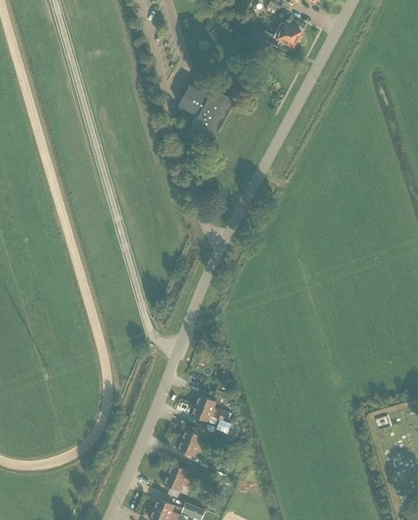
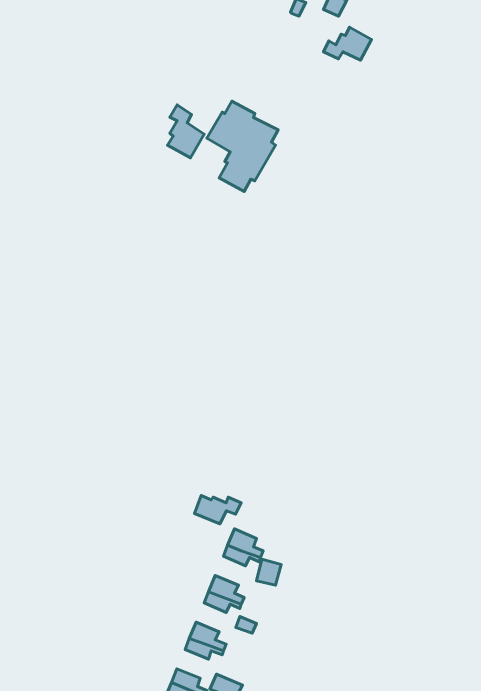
building: none -> [168,105,204,158]
building: none -> [194,496,241,524]

